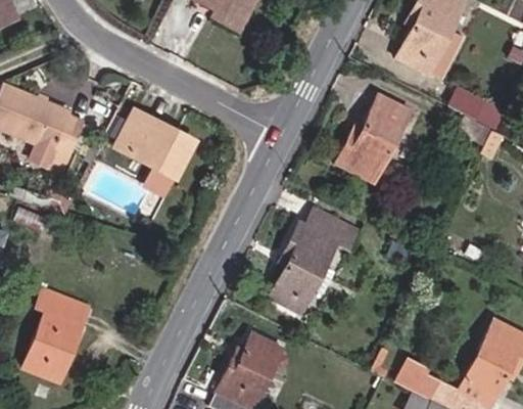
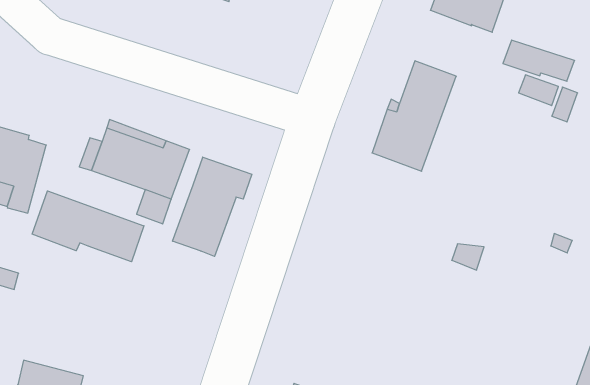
building: none -> [173,157,252,256]
building: none -> [32,191,144,262]
building: [269,209,356,313] -> none

